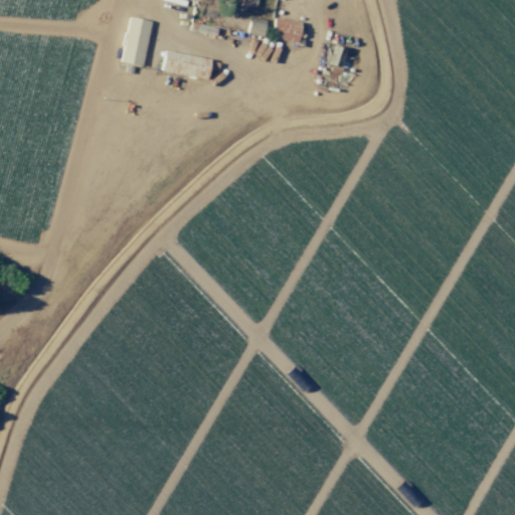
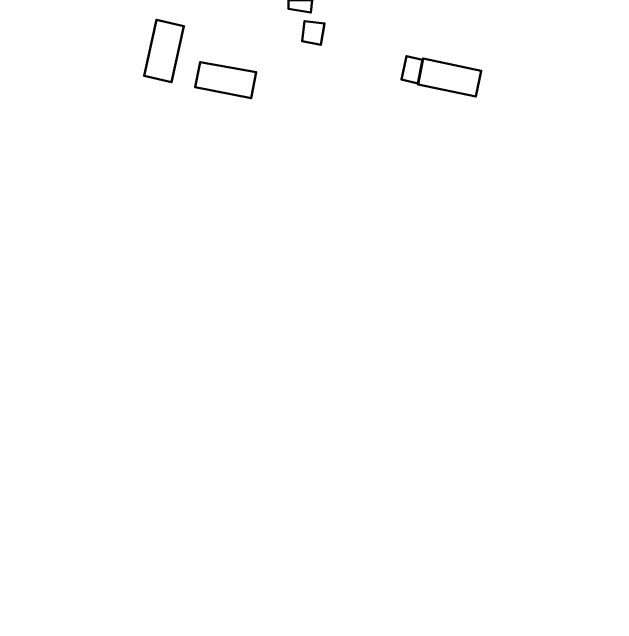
building: [274,18,303,41] -> none
building: none -> [418,59,481,97]

